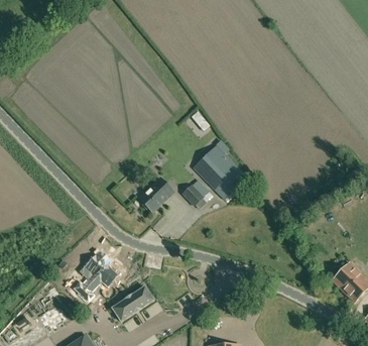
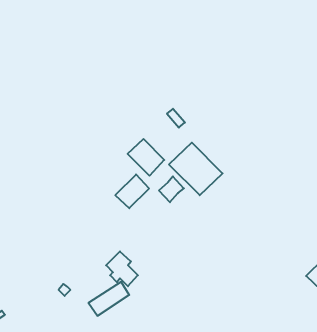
building: none -> [128,139,164,176]
building: [85,251,117,286] -> [106,251,138,286]

